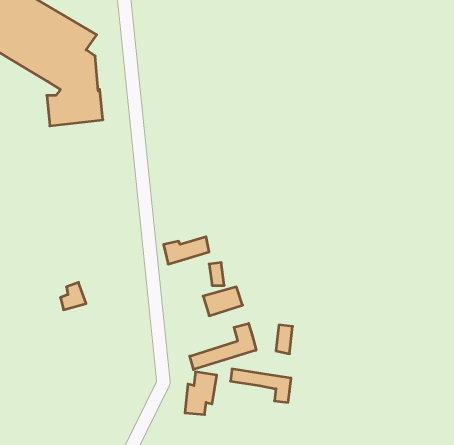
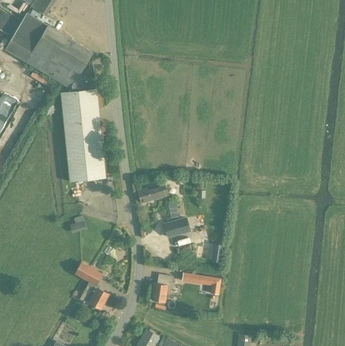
building: none -> [62,109,105,183]
building: [190,323,256,370] -> none
building: none -> [74,263,107,309]

